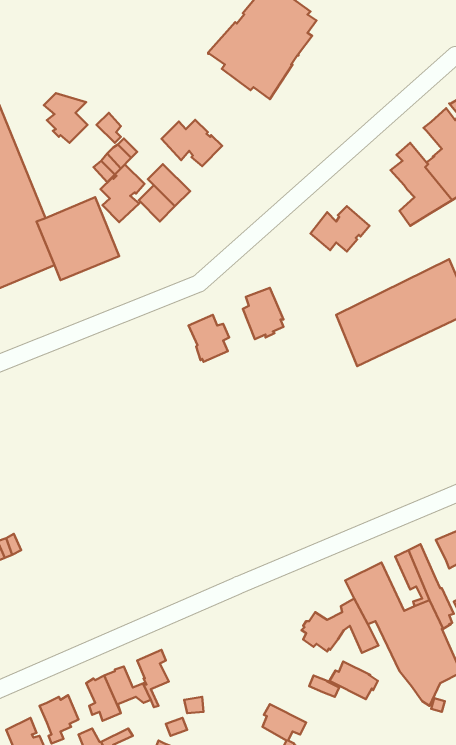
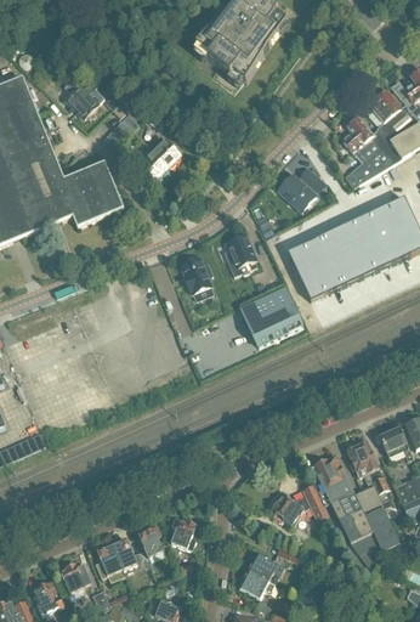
building: [161,120,222,166] -> none
building: [101,164,145,222] -> none
building: none -> [240,285,302,346]
building: none -> [165,518,195,549]
building: [330,661,378,699] -> [245,553,284,583]

